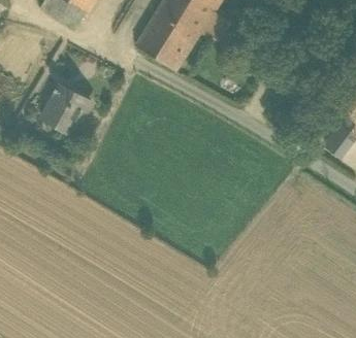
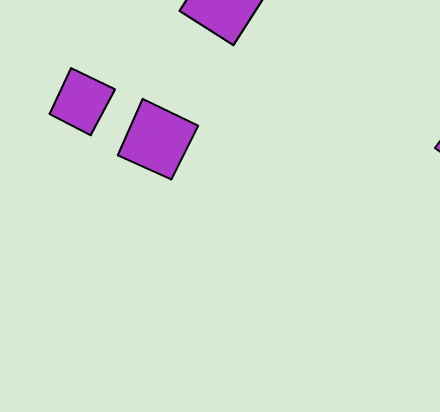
building: none -> [118,99,198,180]

